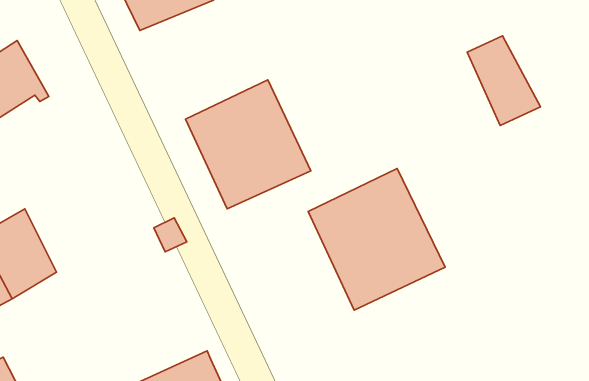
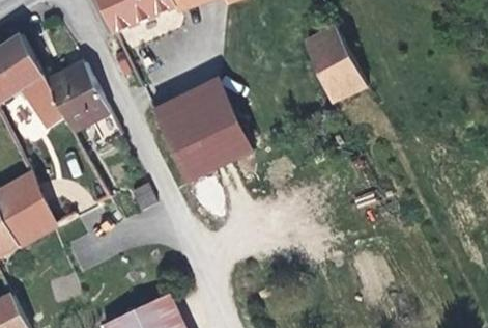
building: [467,36,541,126] -> [307,23,367,97]
building: none -> [41,66,97,133]
building: [308,169,445,310] -> none

